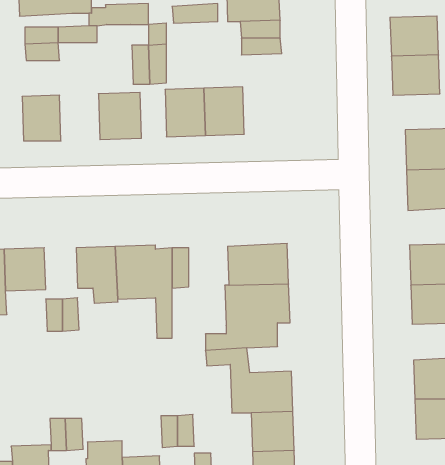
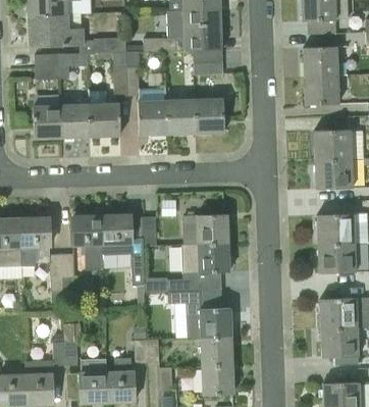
building: none -> [195,98,224,133]
building: none -> [60,103,90,138]

